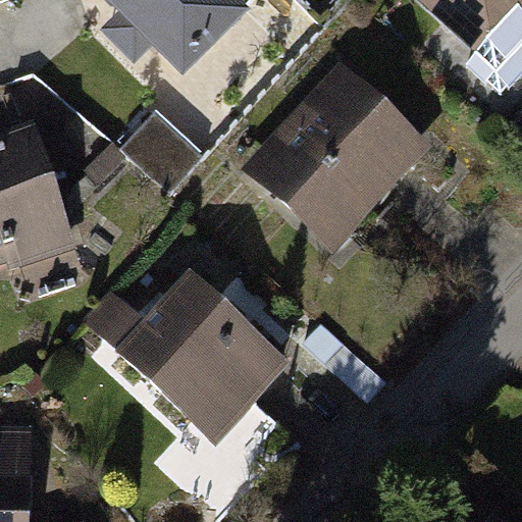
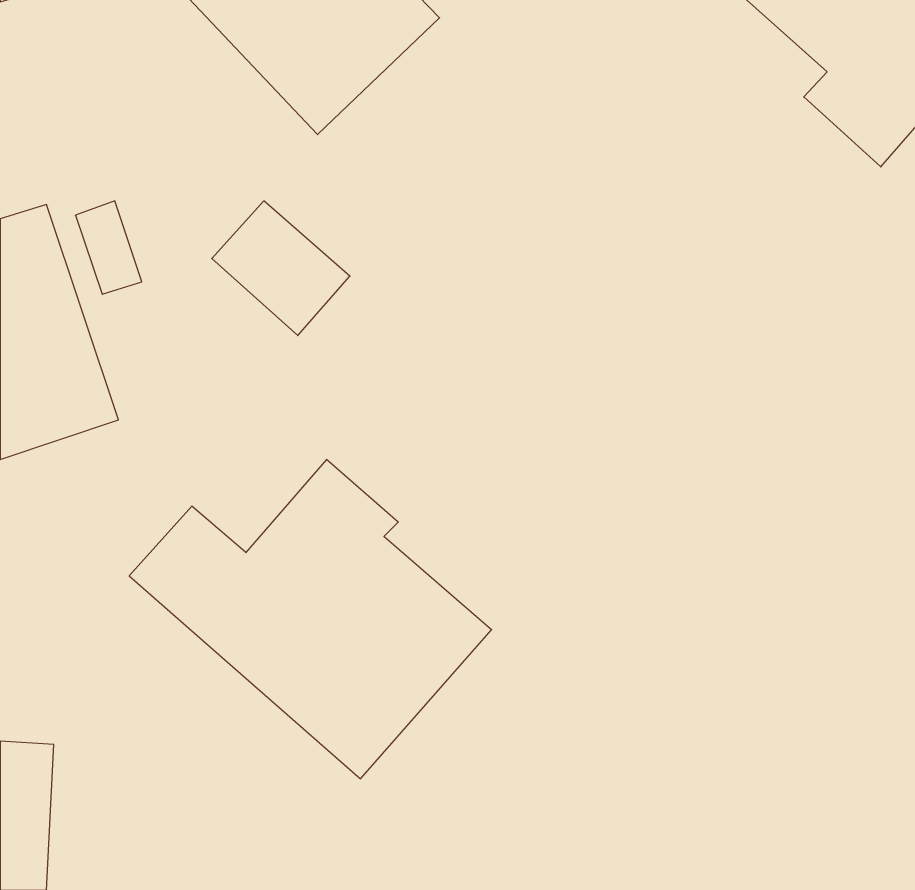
building: [248,61,436,251] -> none

